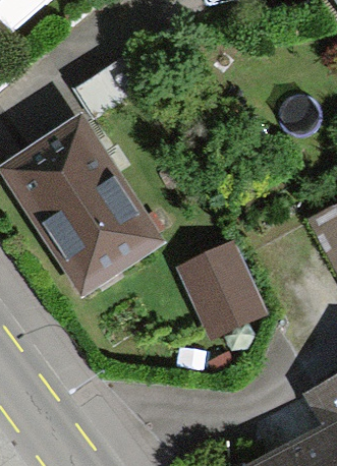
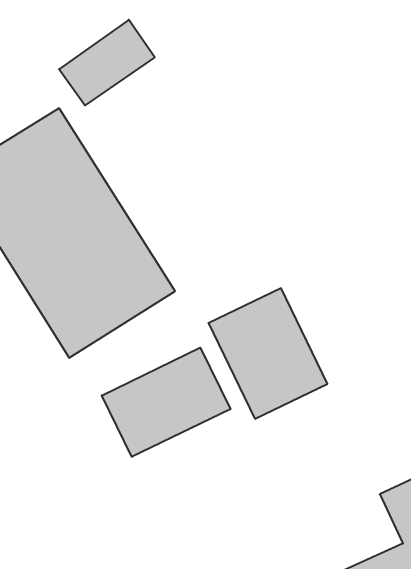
building: none -> [102,348,230,457]

